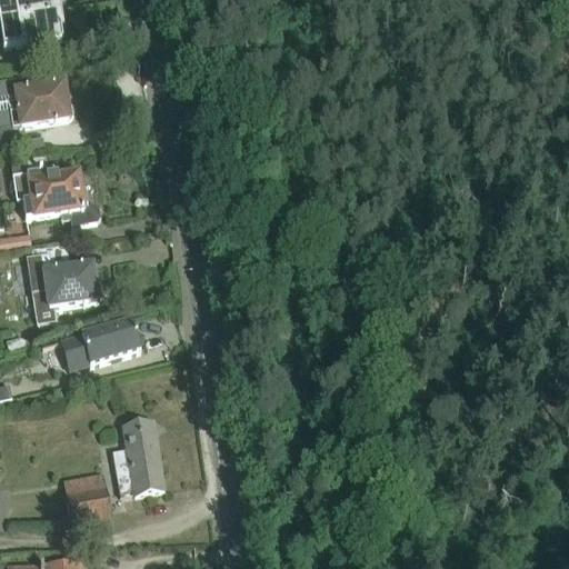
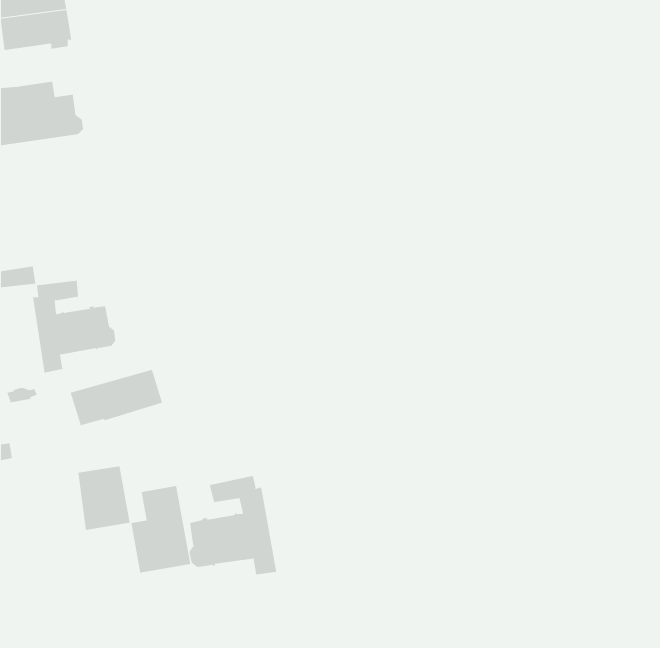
building: [4,154,100,222] -> none
building: none -> [189,475,277,575]
building: [66,470,111,526] -> [77,466,130,531]

